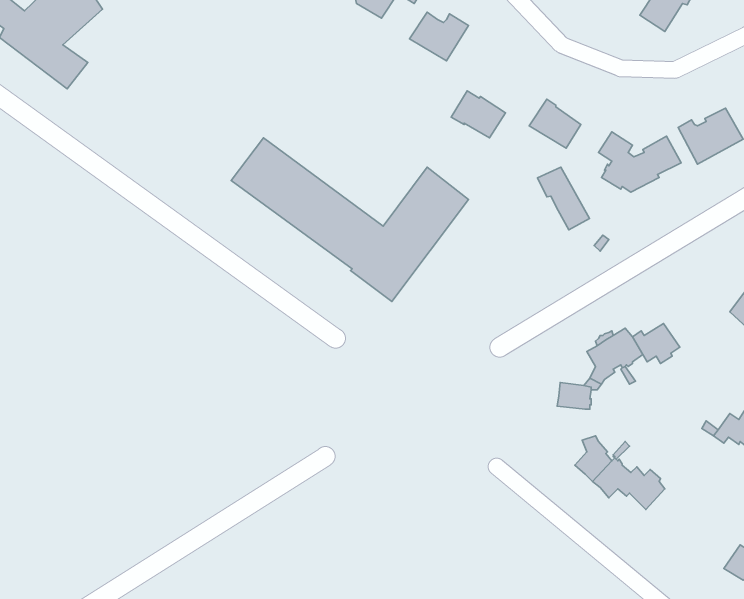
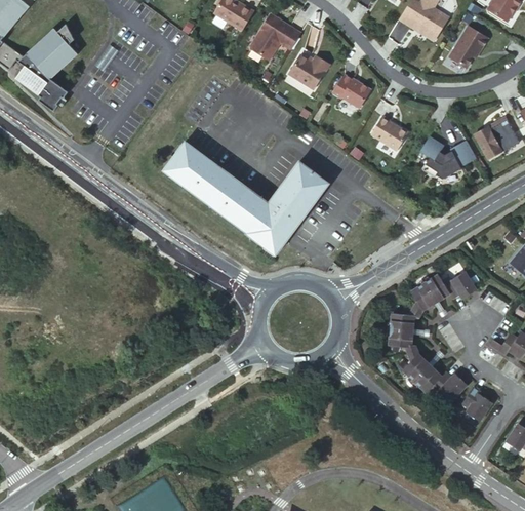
building: [451,91,506,138] -> [332,74,370,107]
building: [538,167,590,230] -> none
building: none -> [390,328,417,352]
building: none -> [461,388,490,423]

